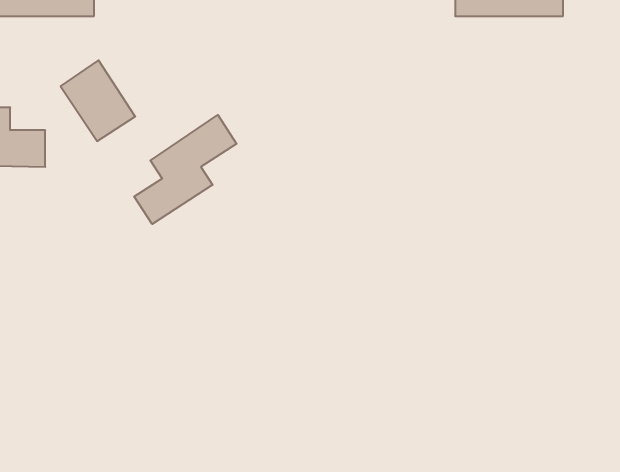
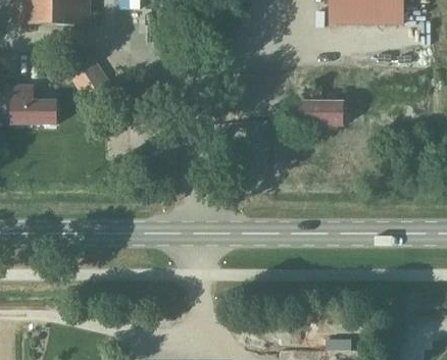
building: none -> [299,85,344,125]
building: [134,115,237,224] -> none

